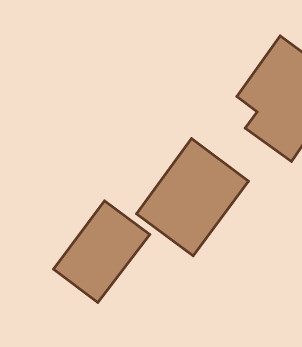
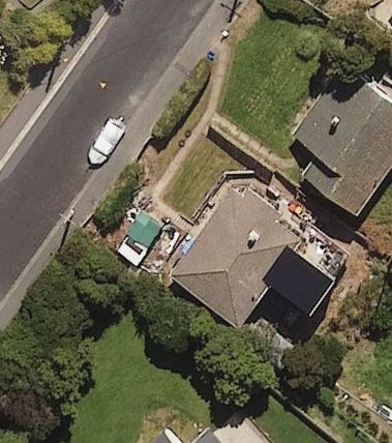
building: [53,201,150,303] -> none

